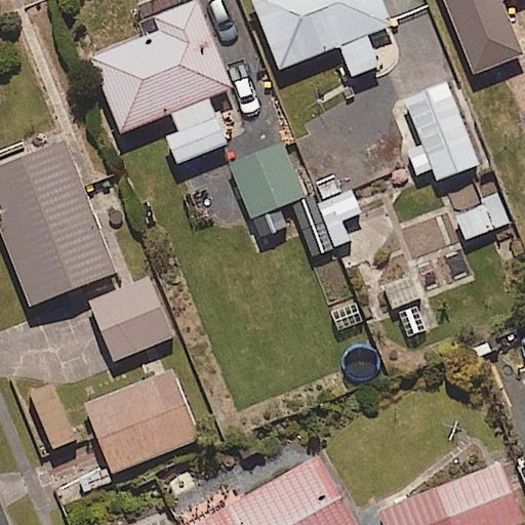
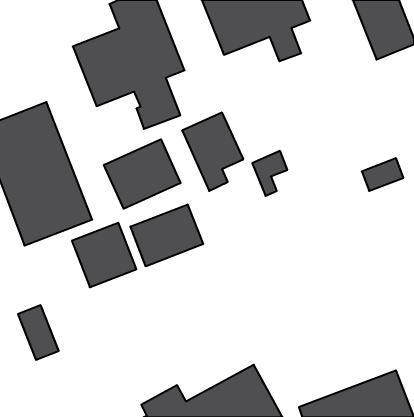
building: [391,83,481,183] -> none
building: none -> [104,139,181,209]
building: none -> [130,204,203,266]
building: [80,367,198,473] -> none

